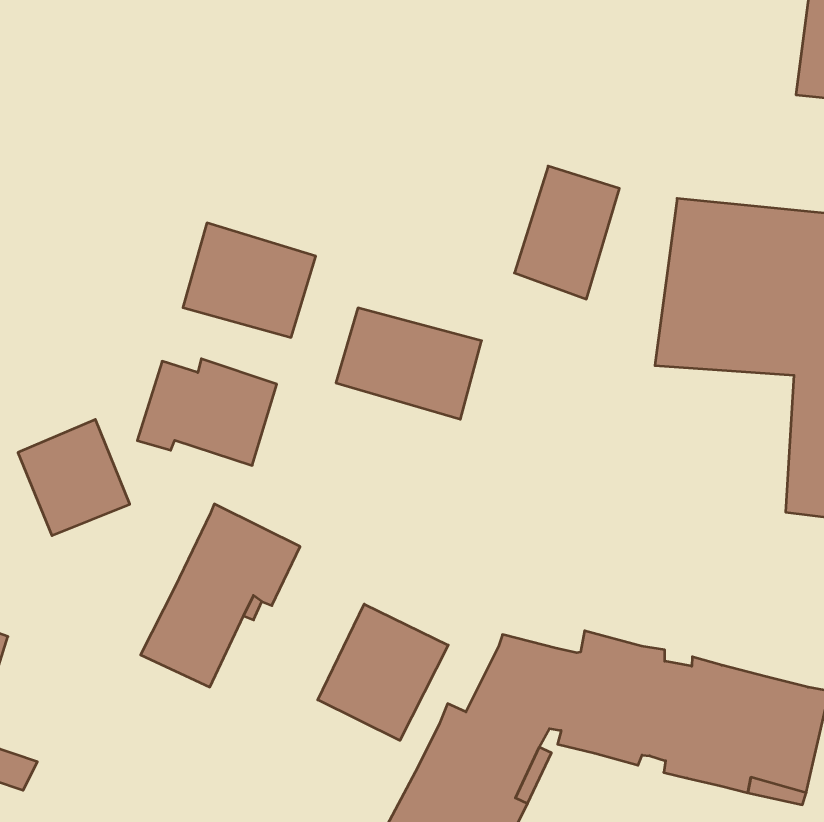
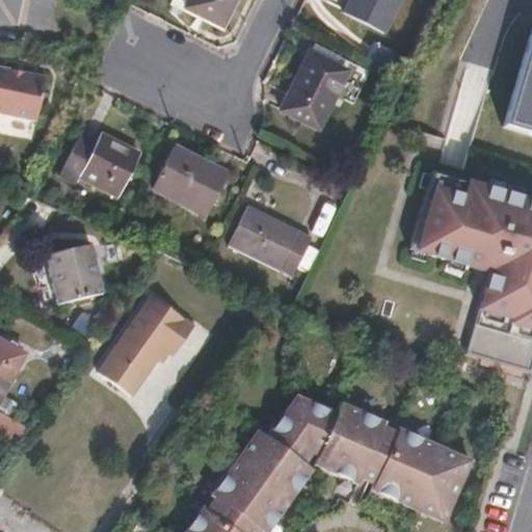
building: [514,166,619,299] -> [283,50,348,127]
building: [137,359,277,465] -> [61,130,143,195]
building: [318,604,448,740] -> none

